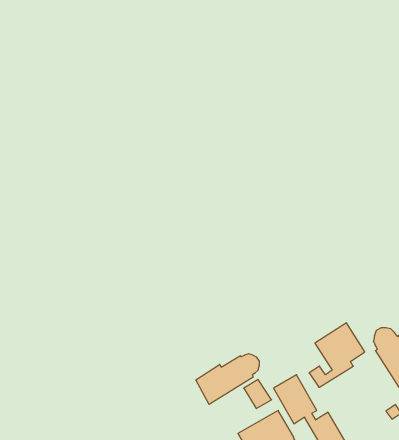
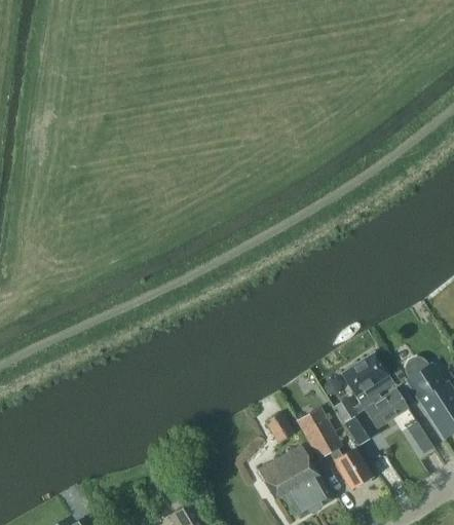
building: [196,354,259,404] -> none
building: none -> [345,388,416,443]

